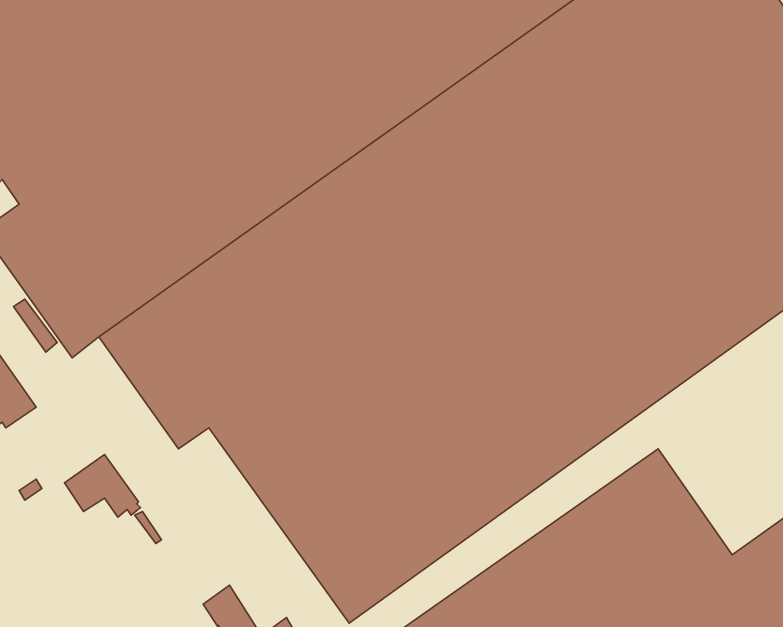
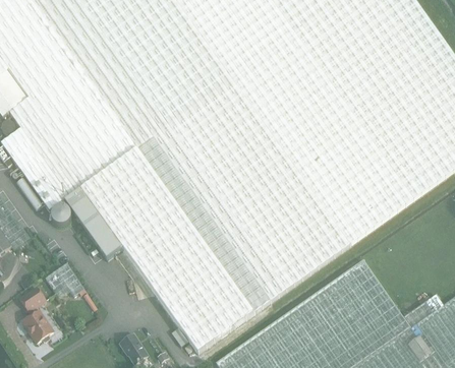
building: none -> [20,287,54,343]

